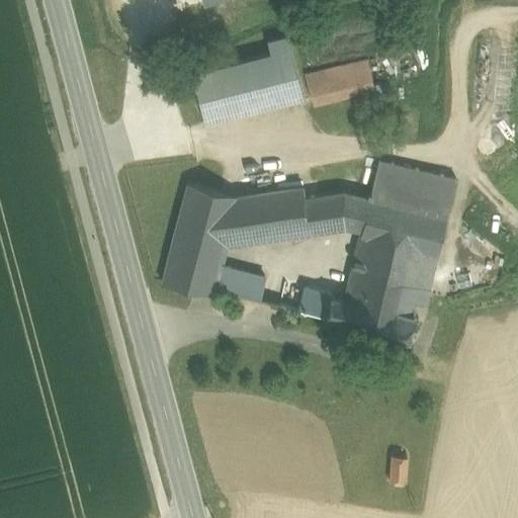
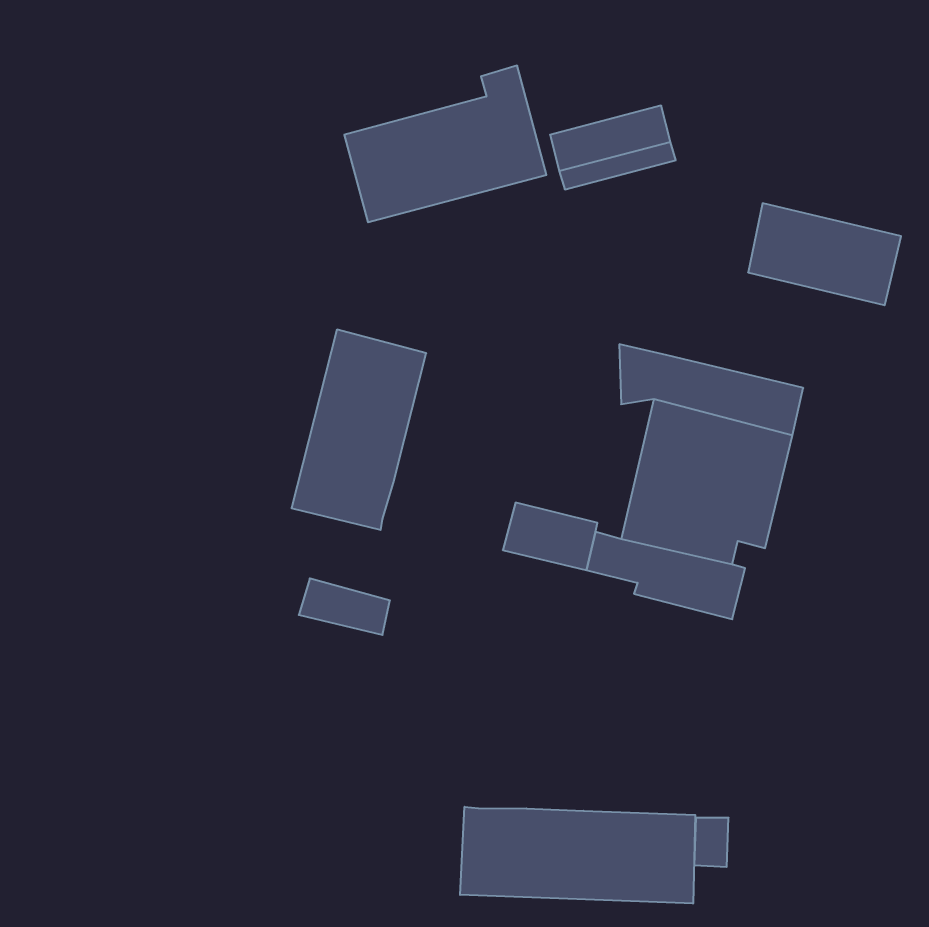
building: [371,161,456,218] -> [748,203,901,305]
building: [226,188,346,246] -> none
building: [213,270,264,301] -> [299,578,390,635]
building: none -> [460,807,695,904]

